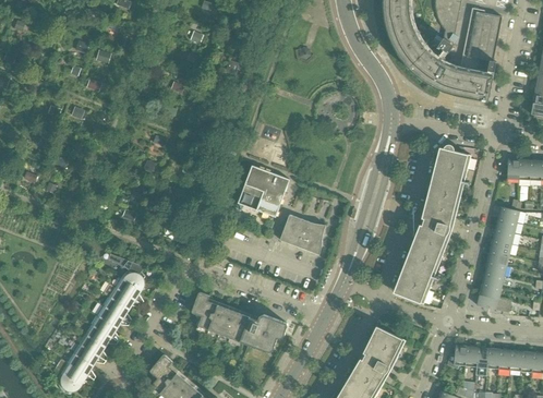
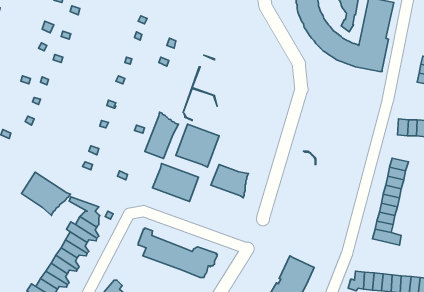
building: [393,144,470,303] -> none
building: none -> [145,112,179,159]
building: none -> [153,163,198,201]
building: none -> [22,172,70,216]

